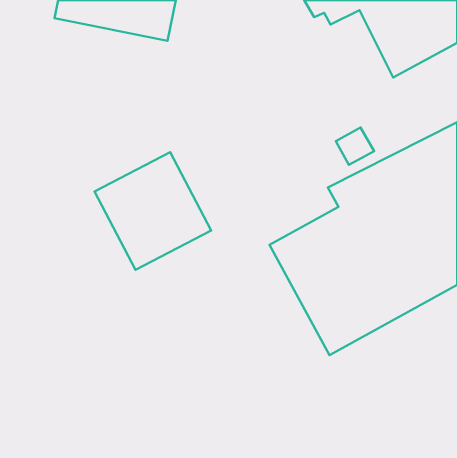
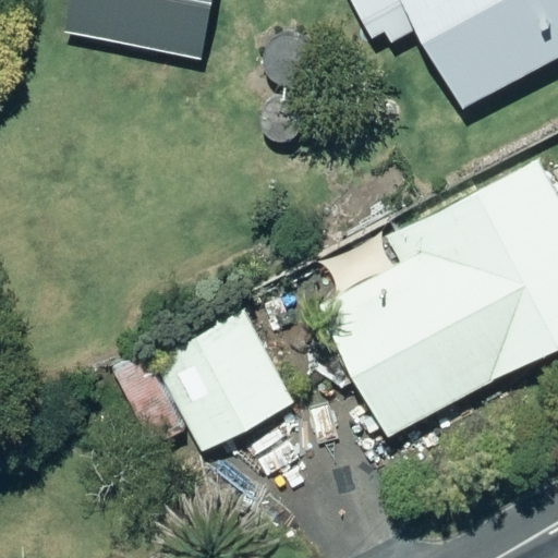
building: [95,152,211,270] -> [156,311,295,451]

